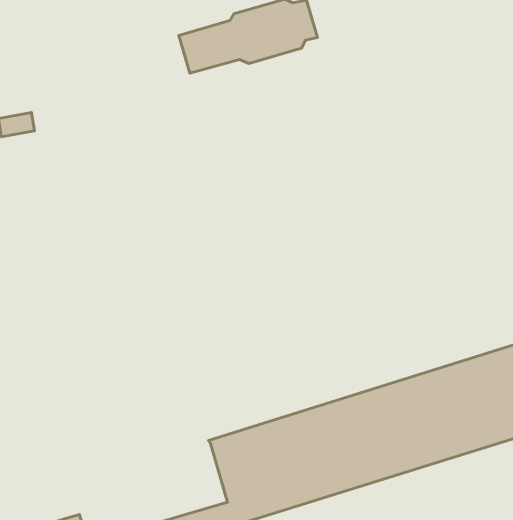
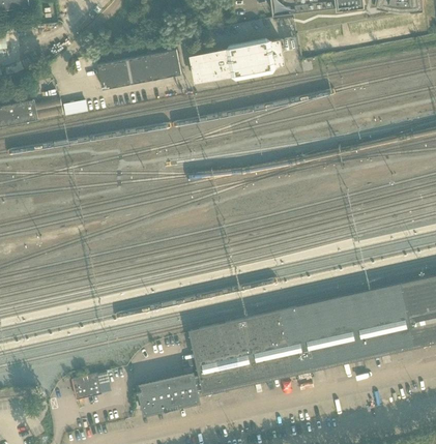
building: none -> [96,49,180,89]

